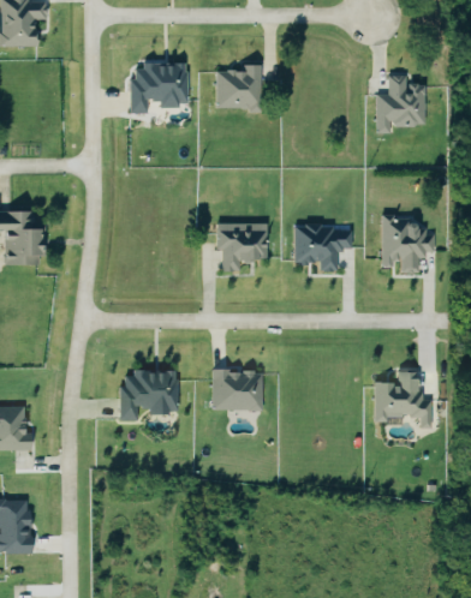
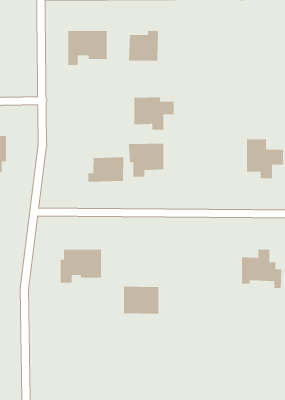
building: [376,73,425,132] -> none
building: [294,223,352,270] -> [133,97,175,130]
building: none -> [88,157,124,182]
building: [213,370,263,409] -> [123,286,159,314]

